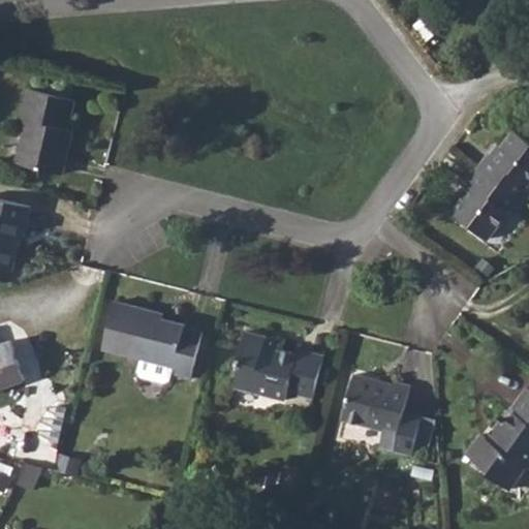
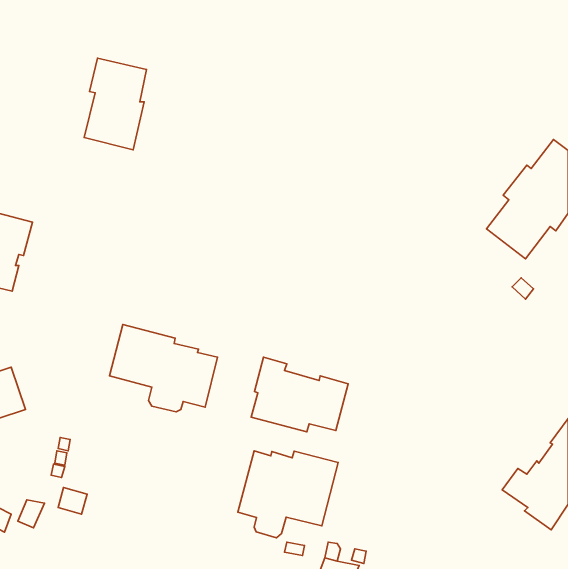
building: [15,90,73,175] -> [84,58,147,150]
building: [342,375,434,457] -> none
building: none -> [238,451,338,538]

